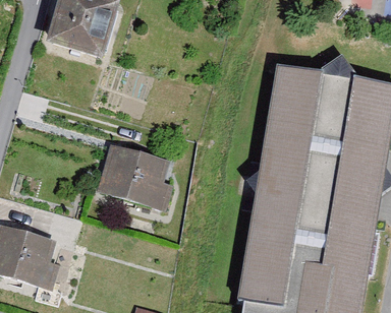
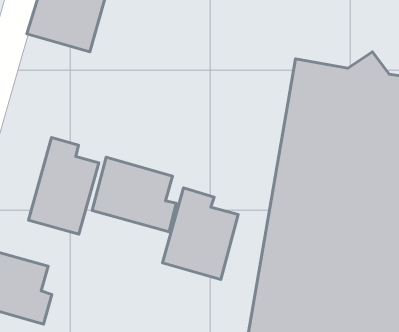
building: none -> [29,138,99,234]
building: none -> [163,188,238,280]

